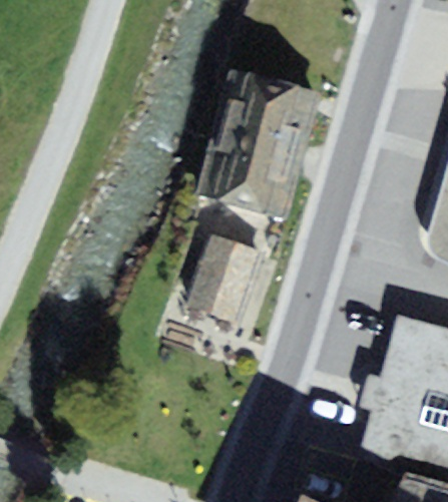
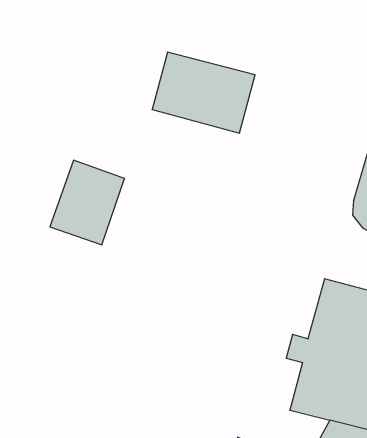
building: [192,129,306,218] -> none
building: [184,232,267,326] -> [50,160,125,245]

